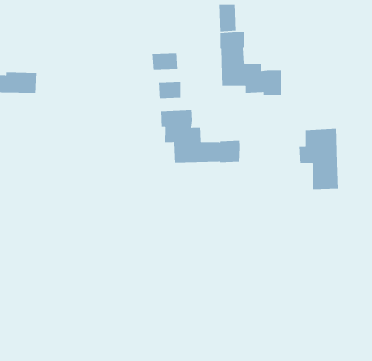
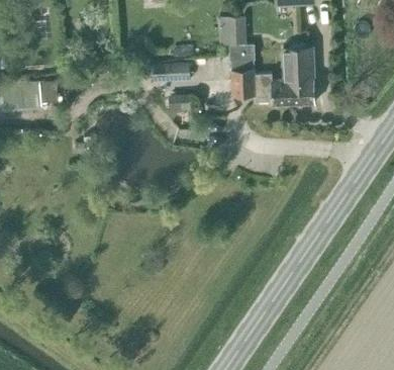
building: [160,109,241,163] -> none
building: [299,128,339,190] -> [276,45,314,105]

